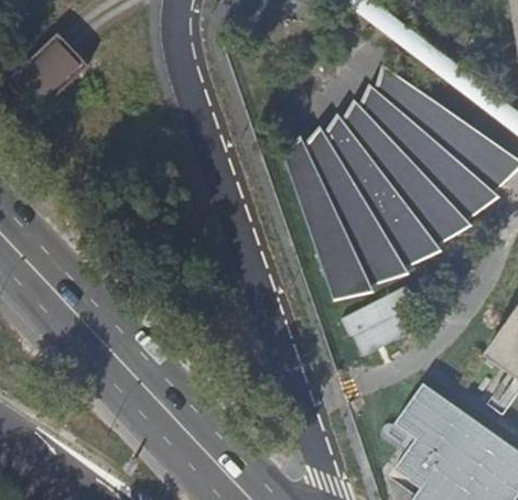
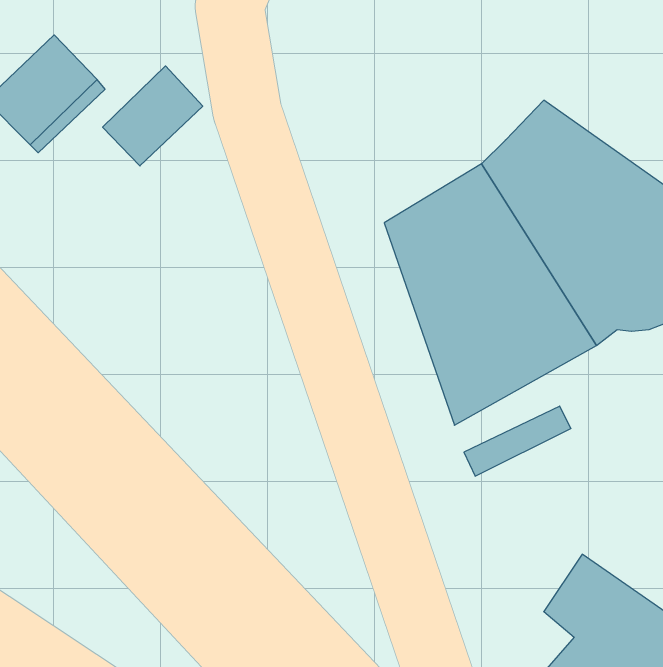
building: none -> [103,66,203,166]

